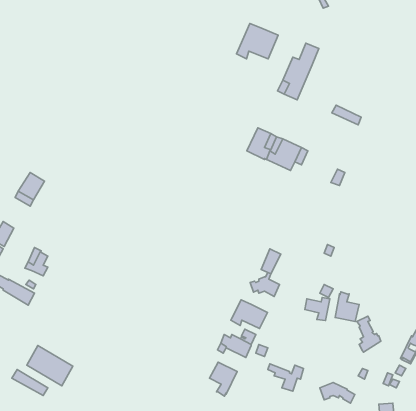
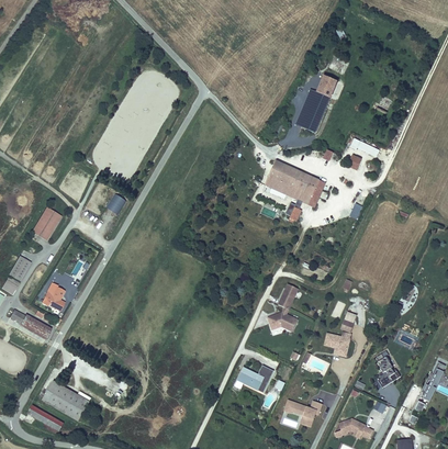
building: [237,23,278,59] -> none
building: [335,292,359,322] -> none
building: [231,300,267,329] -> none
building: [210,362,237,396] -> none

